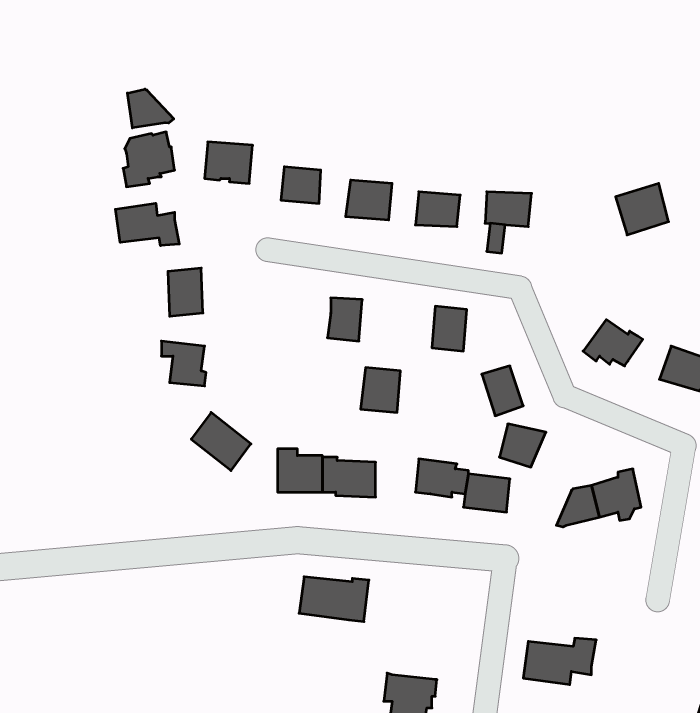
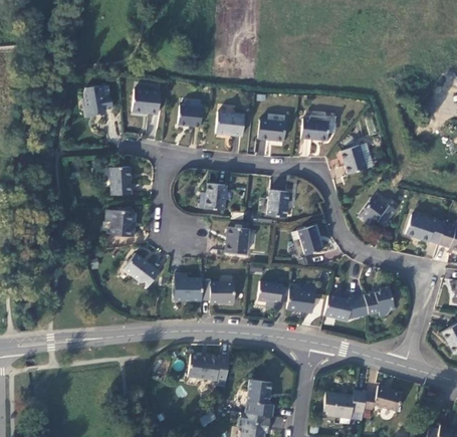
building: [127,89,174,128] -> none
building: [616,183,669,235] -> [341,143,374,174]
building: [115,203,179,246] -> none
building: [499,424,546,467] -> [325,294,354,320]
building: none -> [245,378,273,414]
building: none -> [366,384,403,407]

